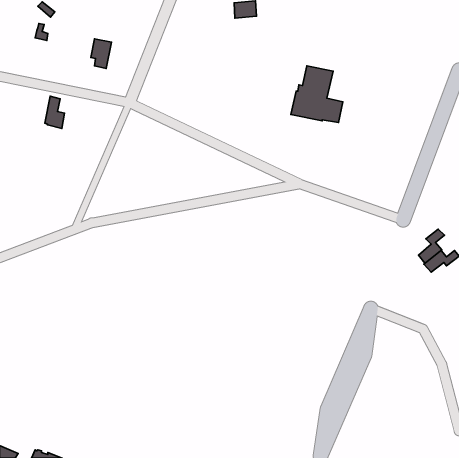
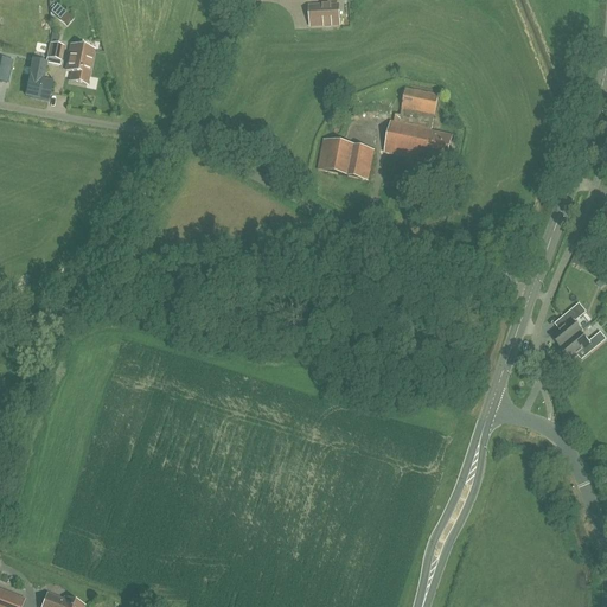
building: [91,39,112,68] -> [65,43,92,82]
building: [45,96,65,129] -> [25,57,51,100]
building: none -> [317,138,372,178]

